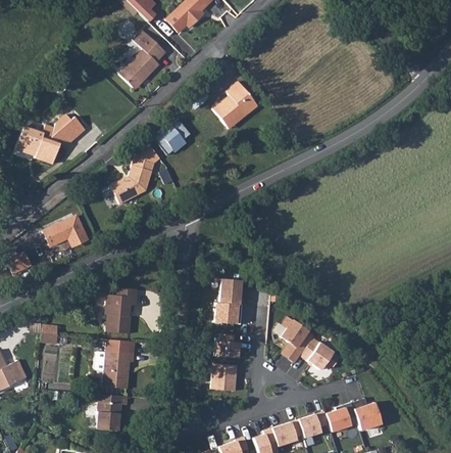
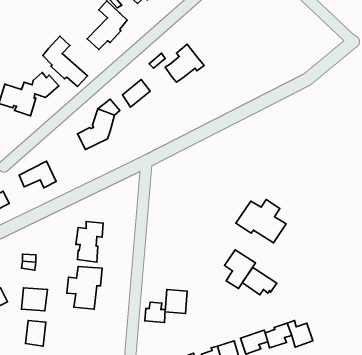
building: none -> [43,36,87,86]
building: none -> [236,200,286,243]
building: [213,279,239,323] -> none
building: [213,334,237,358] -> [145,302,165,323]
building: [98,401,121,431] -> [25,321,46,346]

